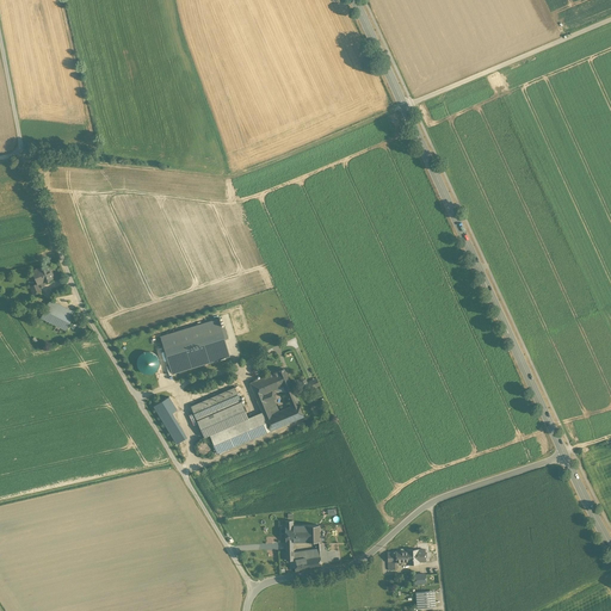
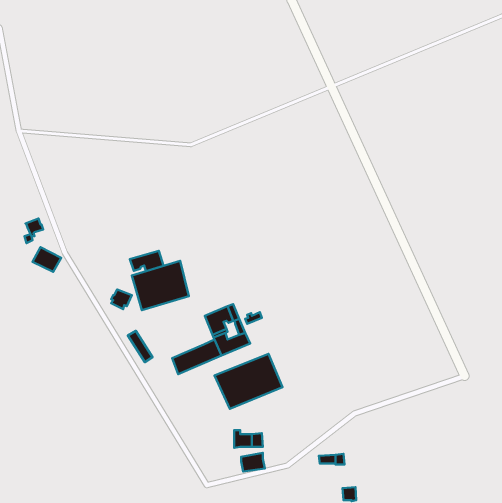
building: none -> [130,251,163,271]
building: [190,387,247,437] -> none
building: none -> [214,354,282,409]

